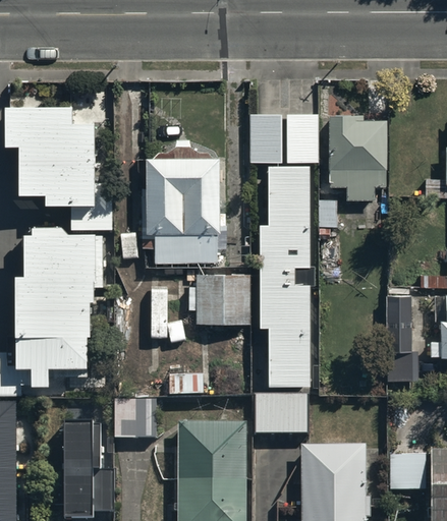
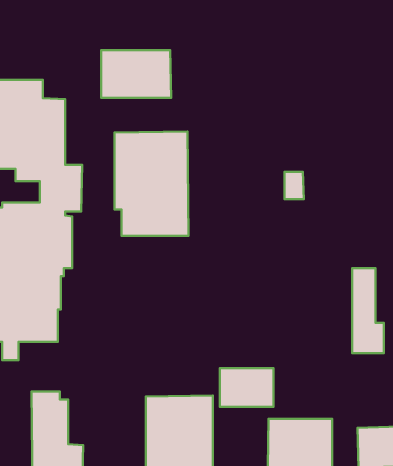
building: [247,114,318,162] -> [101,50,171,98]
building: [328,116,386,201] -> none
building: [255,168,311,391] -> none
building: [194,277,248,327] -> none
building: [114,400,157,439] -> none

